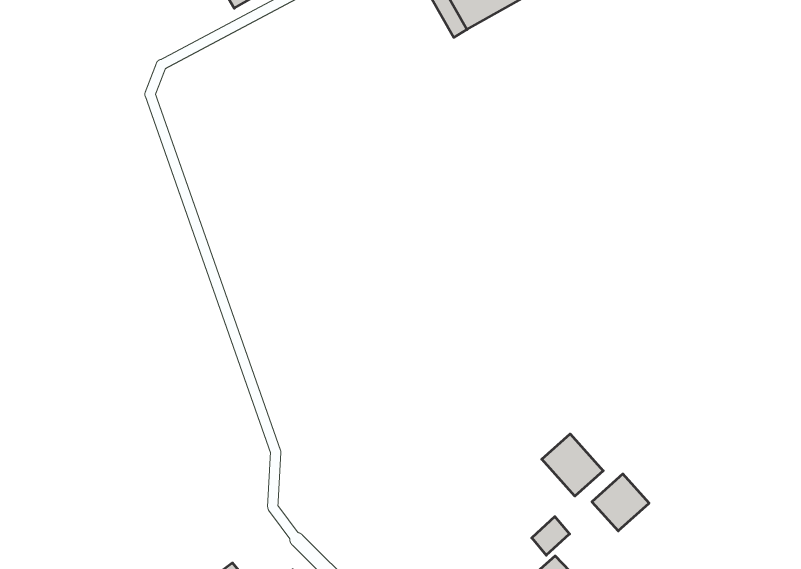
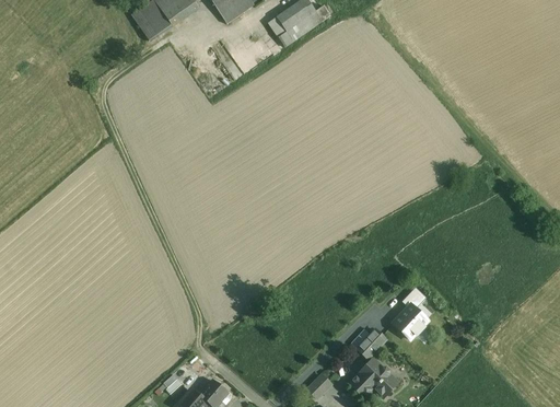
building: [542,434,603,496] -> none

